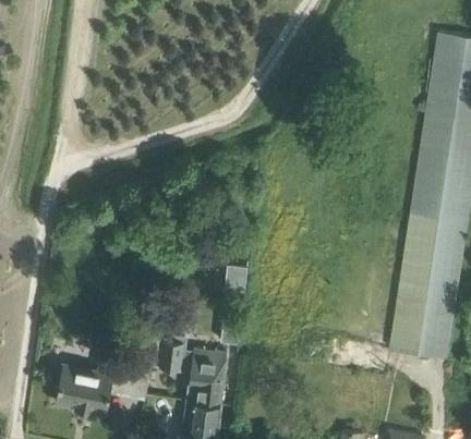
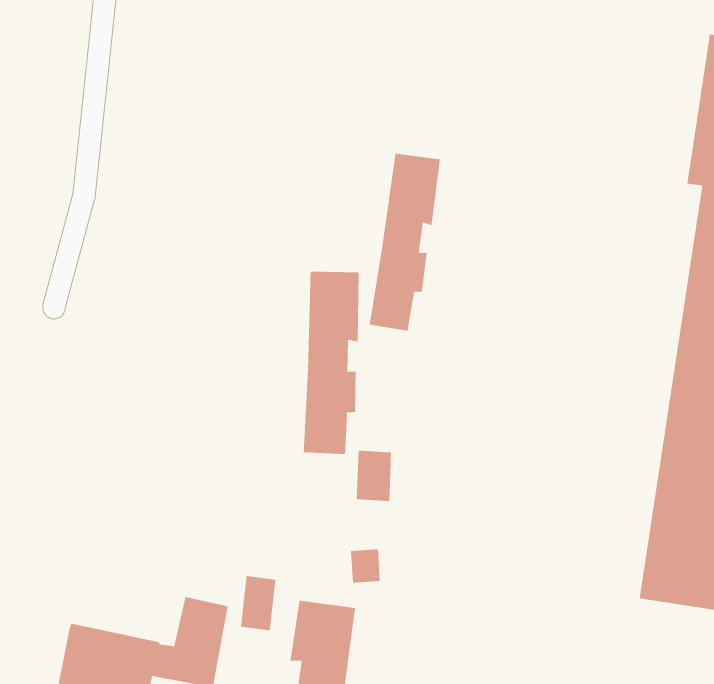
building: none -> [369,153,440,331]
building: none -> [303,271,359,455]

